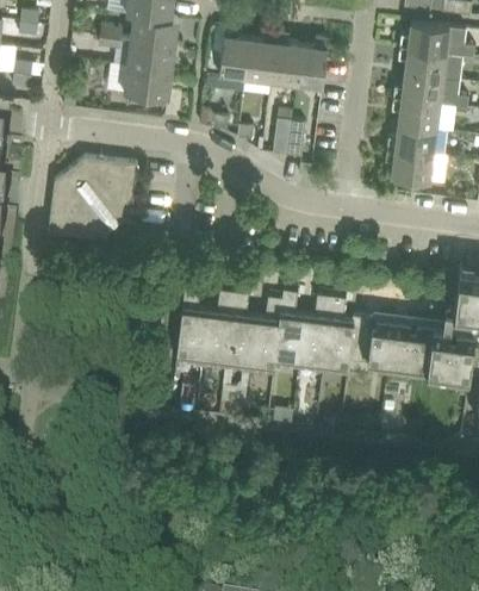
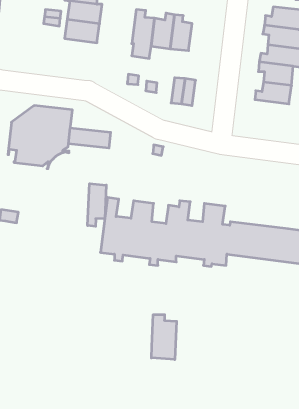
building: [296,38,328,86] -> none
building: [123,66,170,107] -> none
building: [385,149,433,181] -> none
building: none -> [69,128,111,148]
building: none -> [88,184,106,226]
building: none -> [151,315,177,360]

